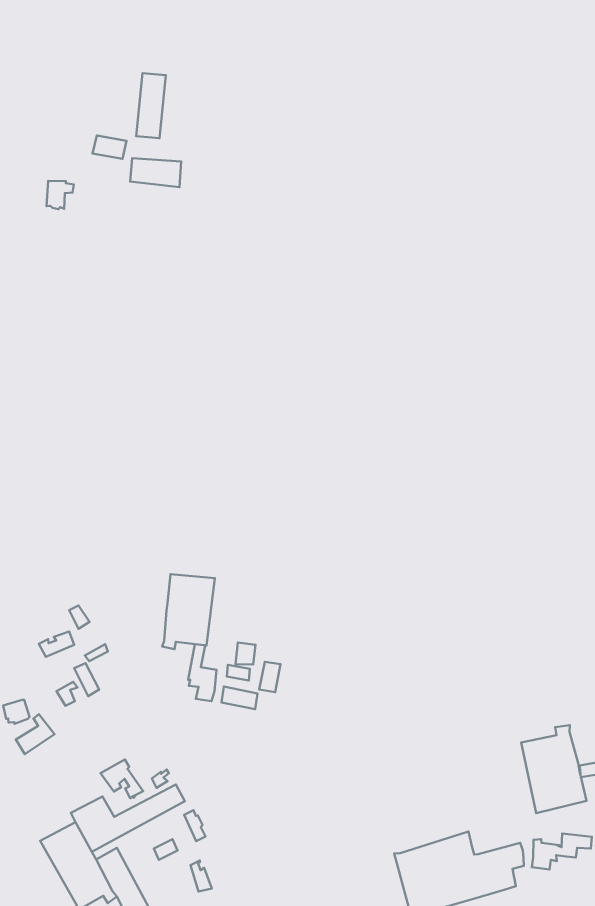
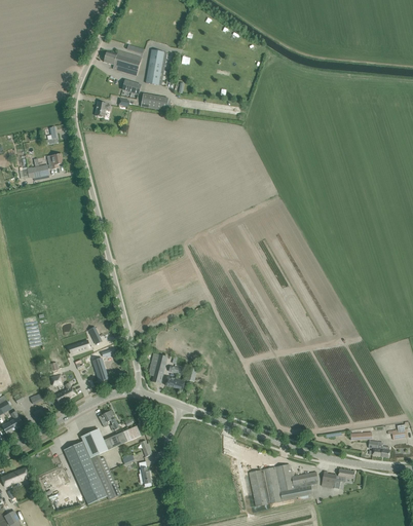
building: none -> [104,50,142,75]
building: [162,574,215,649] -> none
building: [521,725,586,813] -> none

